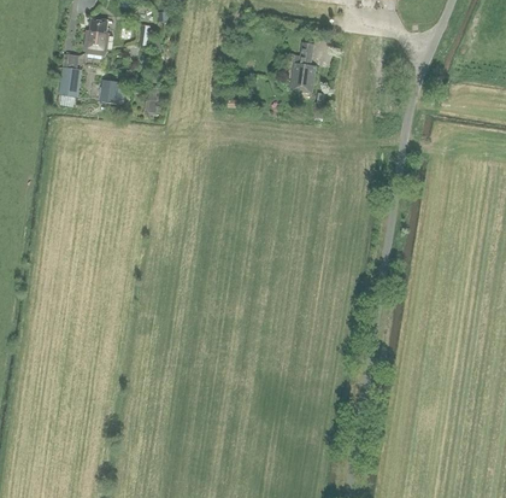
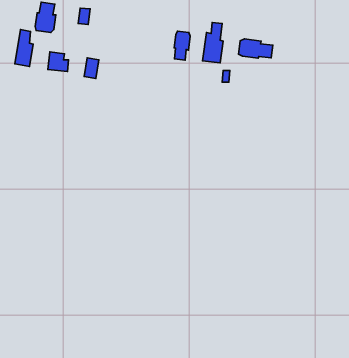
building: none -> [174,31,190,60]
building: none -> [238,39,273,58]

